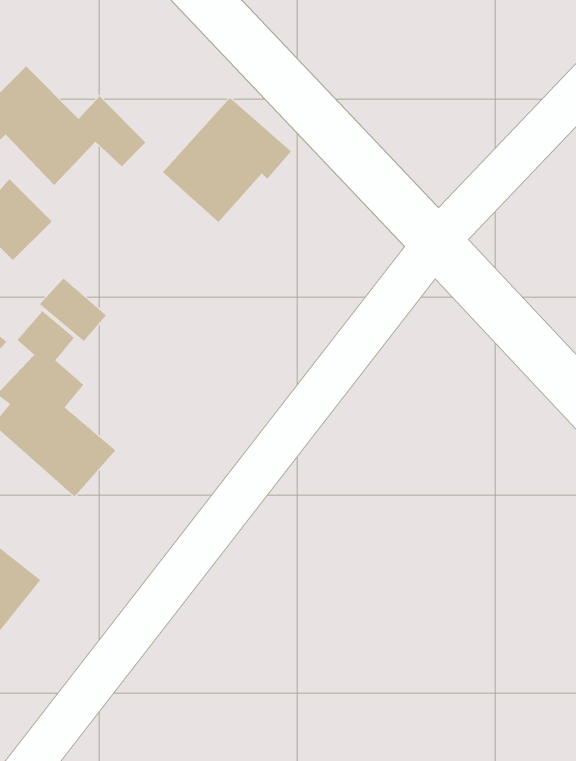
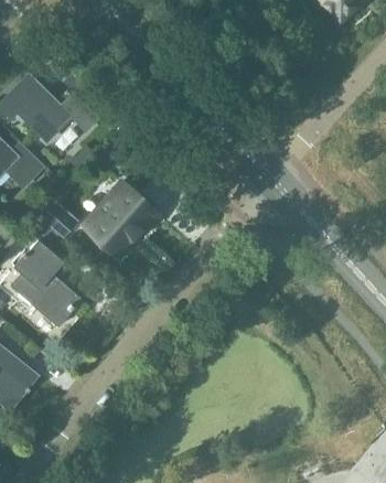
building: [162,97,292,223] -> [83,182,159,256]

